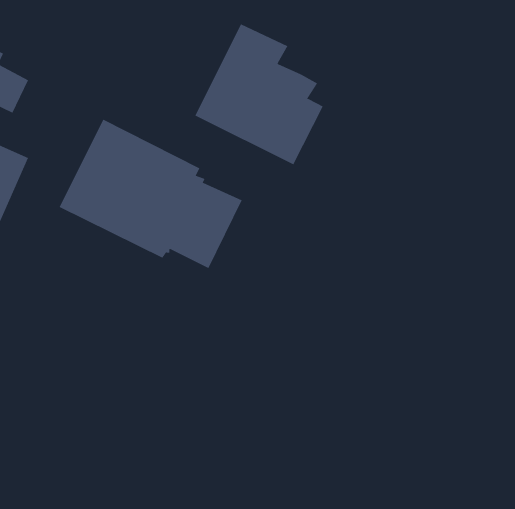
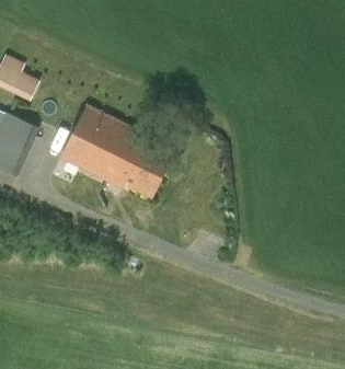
building: [195,24,323,165] -> none

